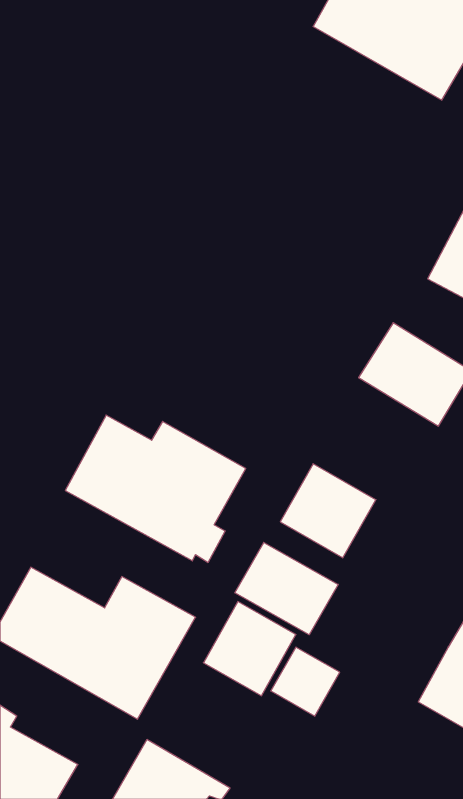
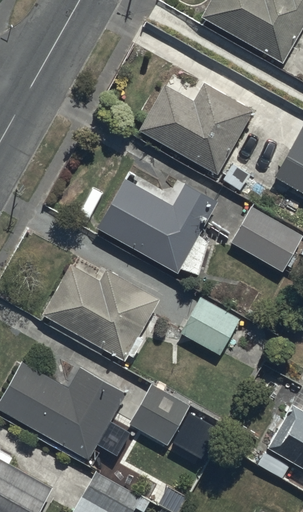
building: none -> [138,83,254,175]
building: none -> [97,178,217,275]
building: [235,542,338,635] -> none

